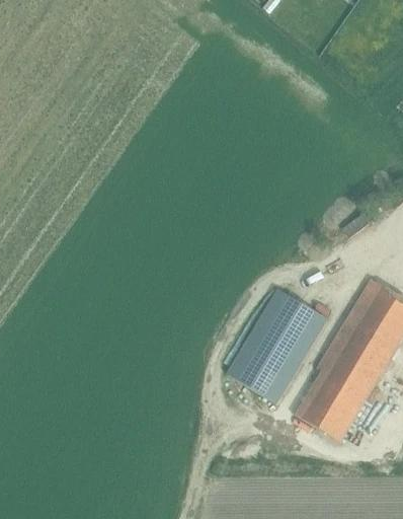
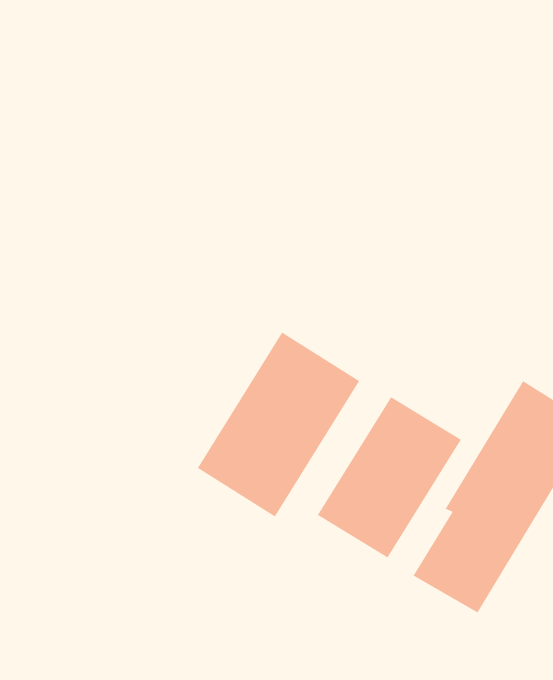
building: none -> [197,331,360,518]

